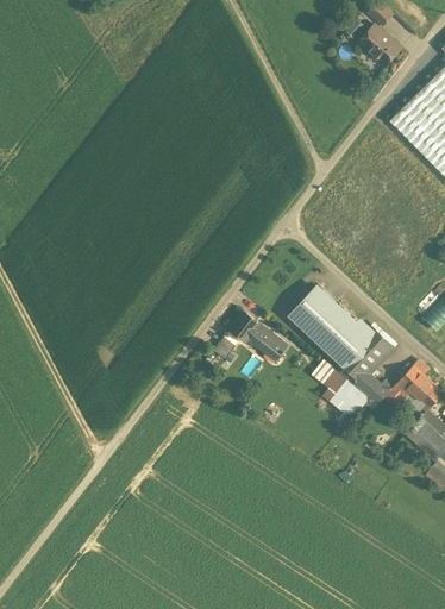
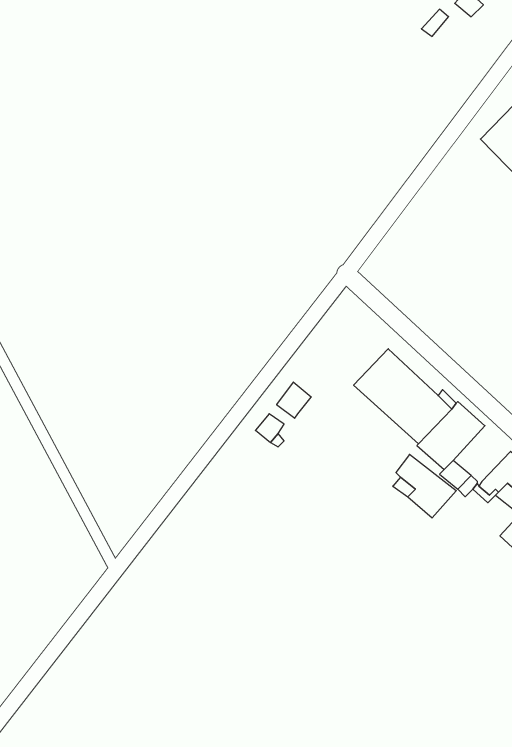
building: [359,25,402,65] -> none
building: [246,324,287,359] -> none

